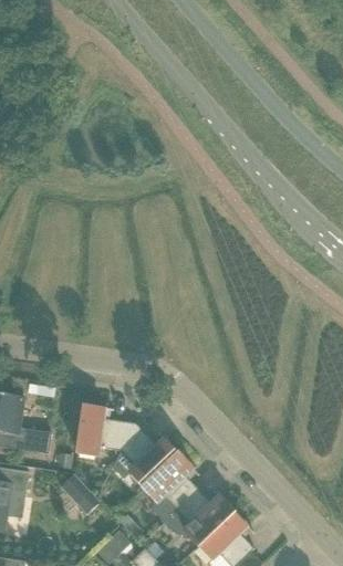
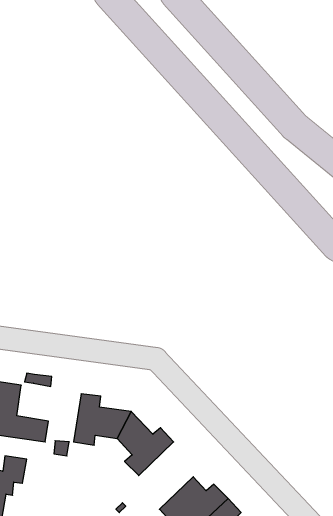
building: [143,453,198,522] -> none
building: [60,473,100,514] -> none

